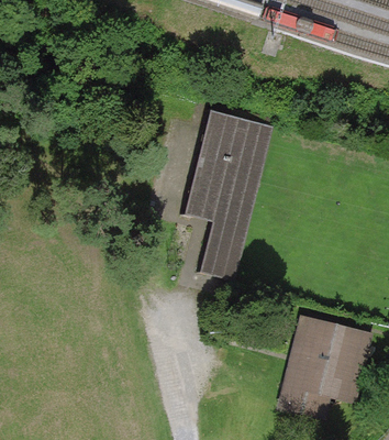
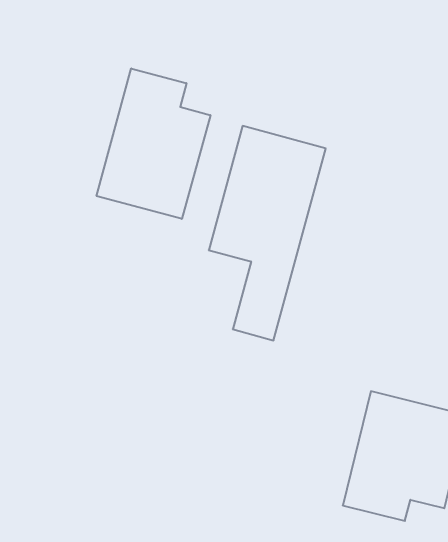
building: none -> [97,68,210,219]

